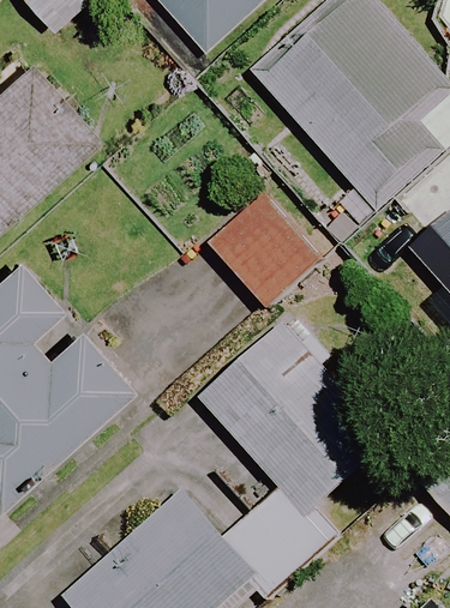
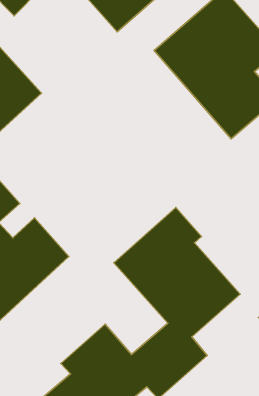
building: [208,192,323,307] -> none

